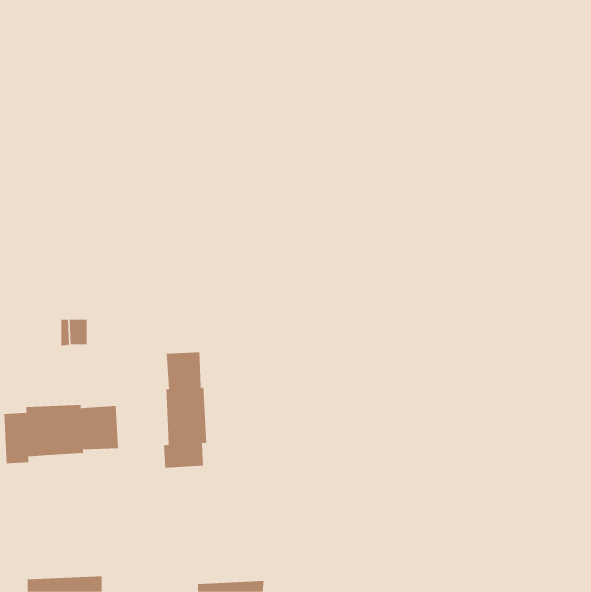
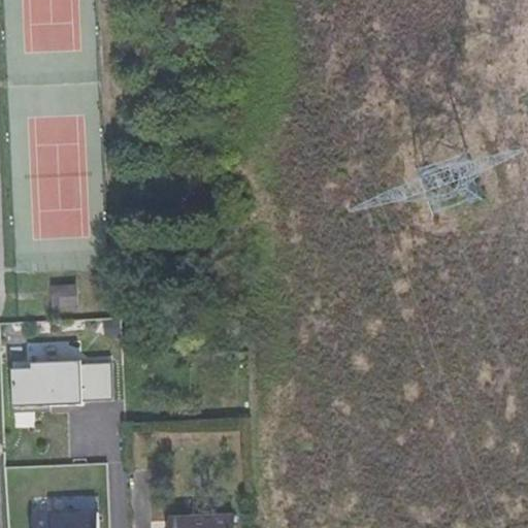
building: [164,352,207,468] -> none

